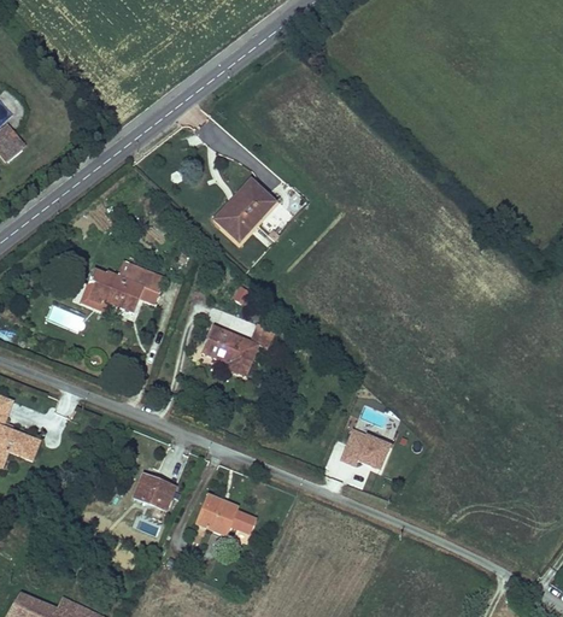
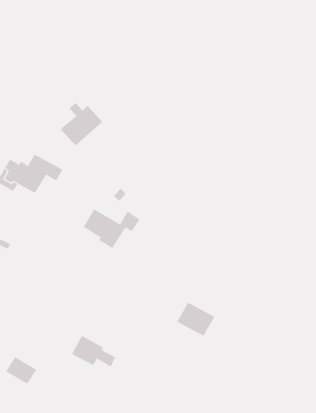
building: [210,176,268,236] -> [60,102,103,146]
building: [137,477,181,513] -> [5,357,37,385]

